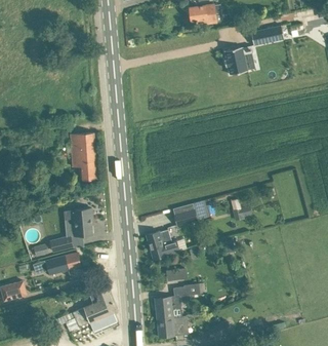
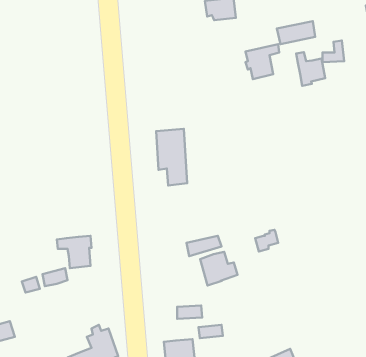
building: none -> [296,52,325,86]
building: [70,132,96,181] -> [156,129,187,185]
building: [147,230,178,259] -> [200,252,237,286]
building: [45,254,80,274] -> none

